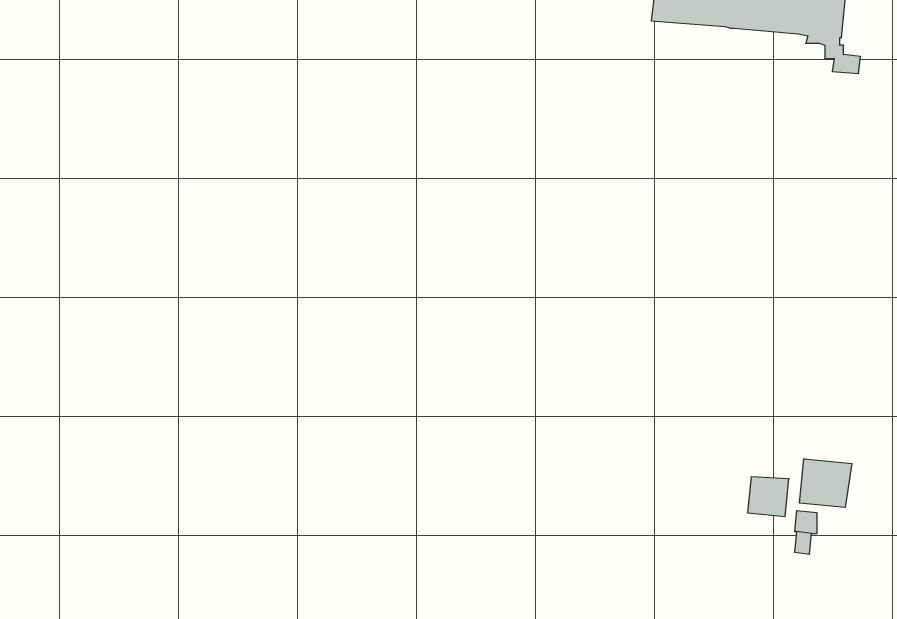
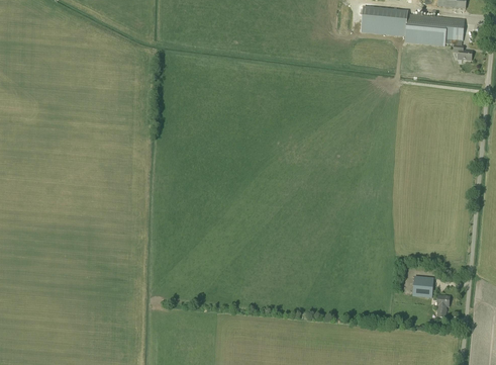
building: [799,459,852,507] -> none

